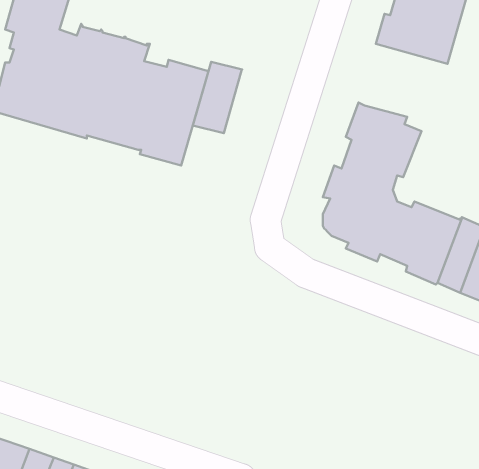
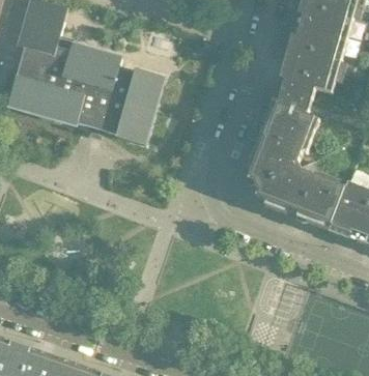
building: none -> [277,55,337,108]
building: [193,62,242,133] -> none

